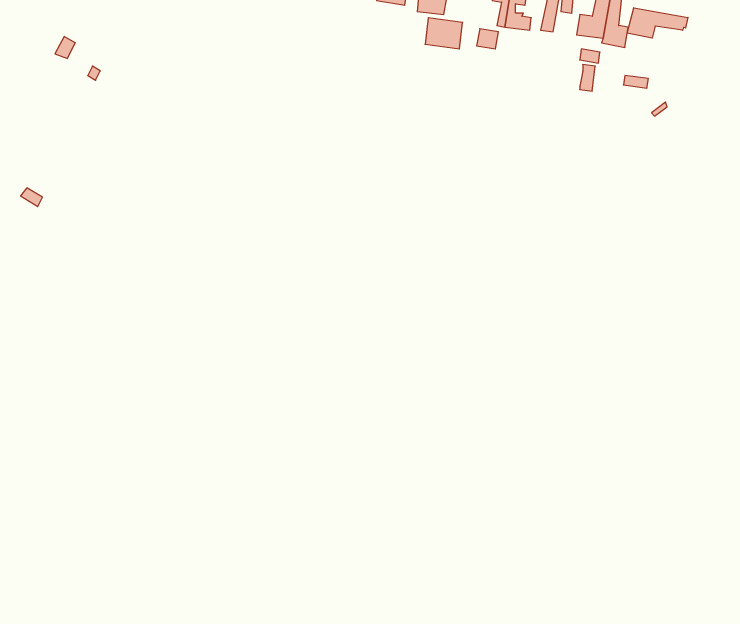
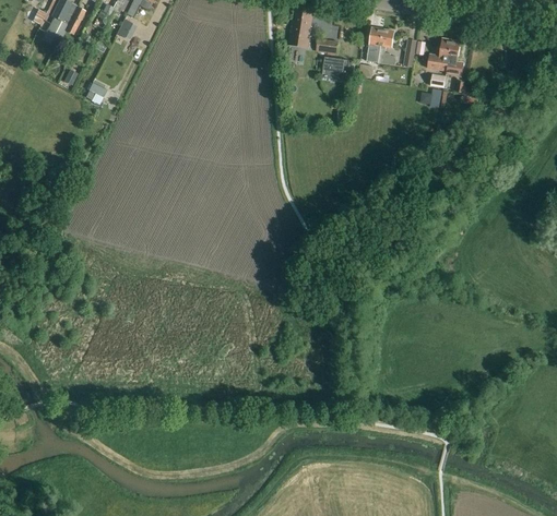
building: [627,8,688,38] -> none

